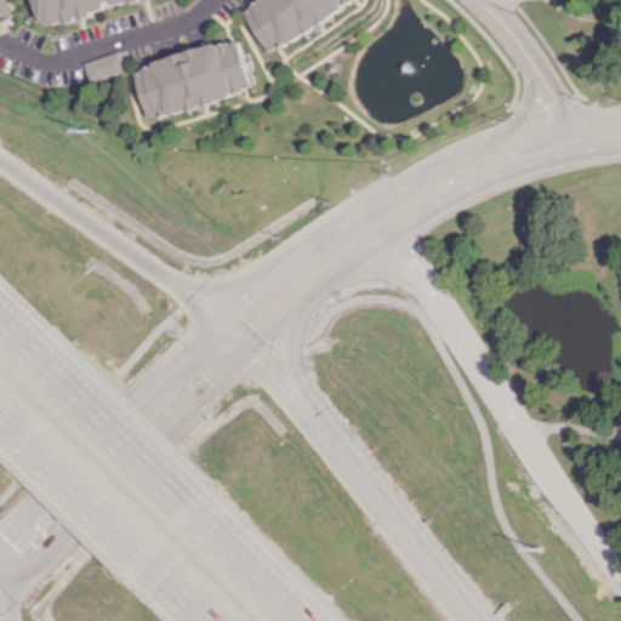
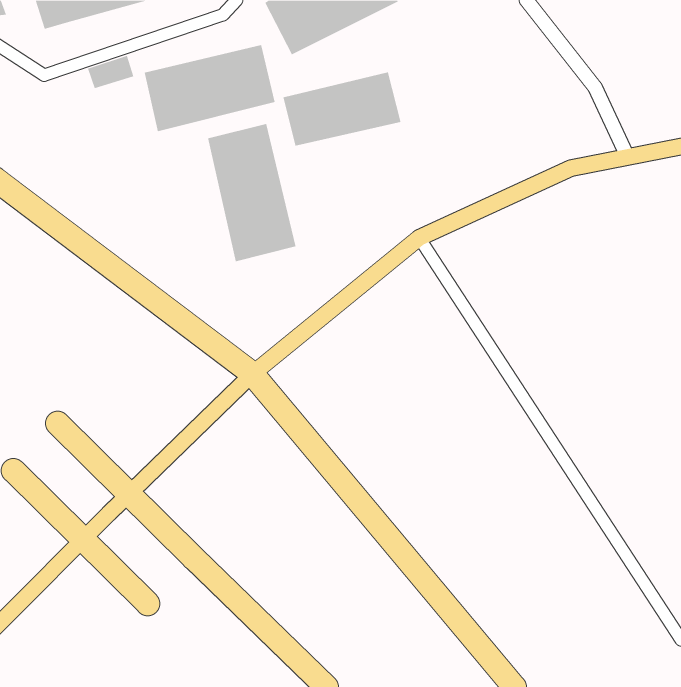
building: none -> [283,72,401,147]
building: none -> [207,123,296,262]

